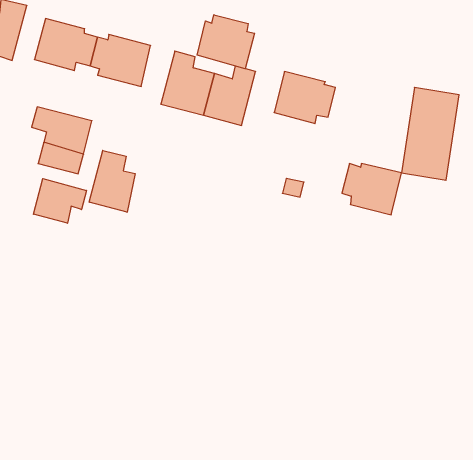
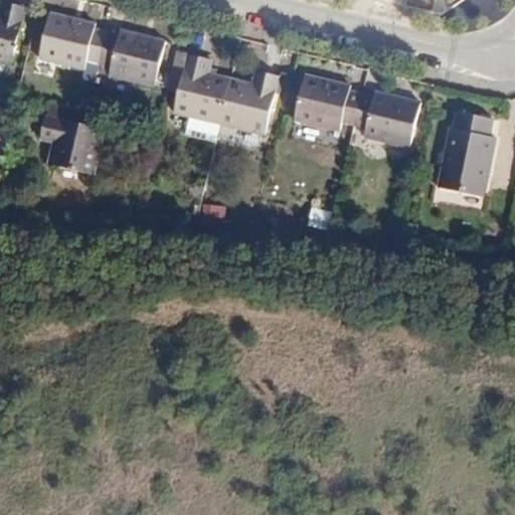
building: [197,15,255,69] -> none
building: [89,150,135,212] -> none
building: [342,164,401,215] -> [355,95,419,150]
building: [33,179,86,223] -> none

